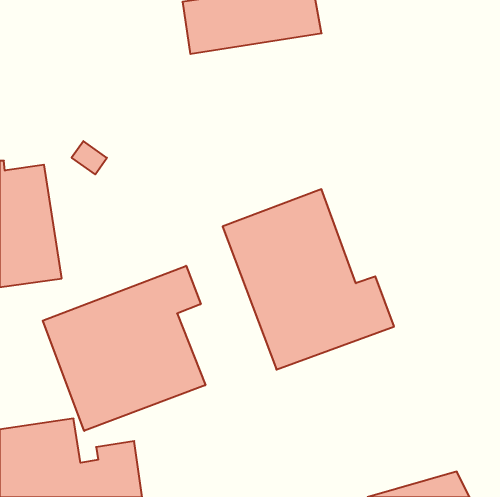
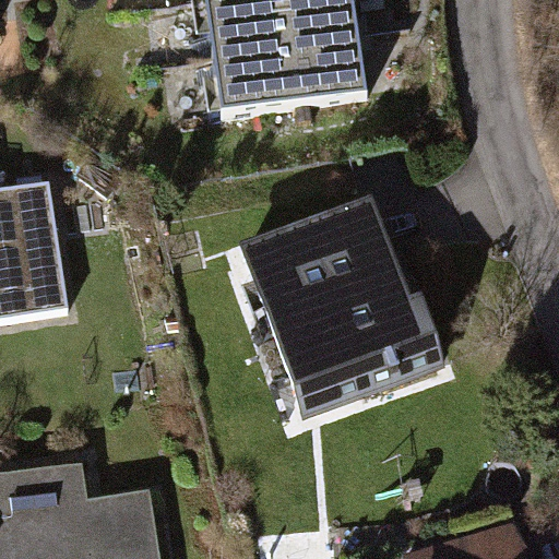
building: none -> [212,37,367,119]
building: [43,266,205,431] -> none

